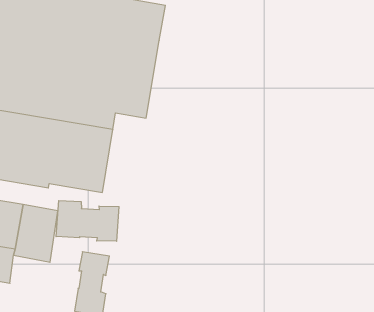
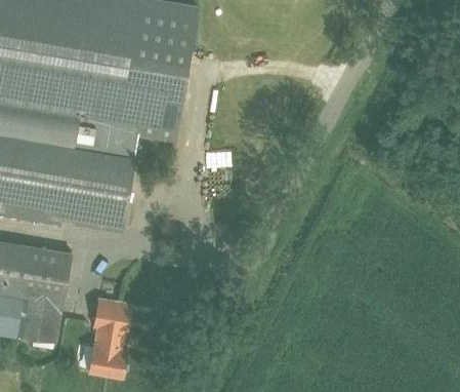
building: [56,201,119,241] -> none
building: none -> [14,304,61,344]

